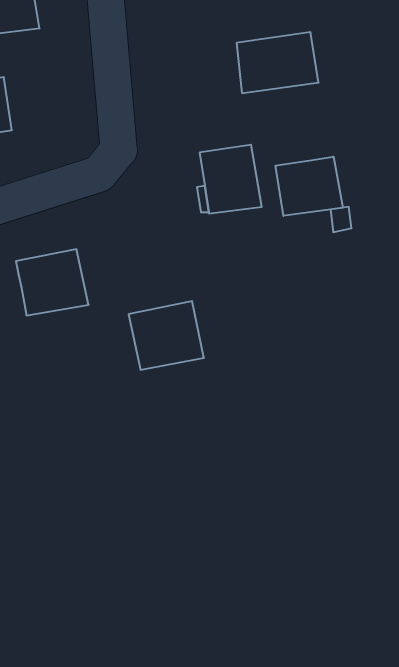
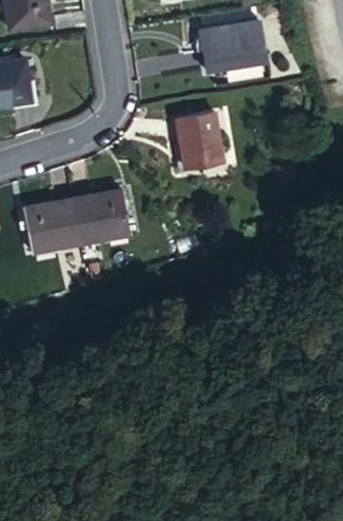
building: [276,157,343,216] -> none
building: [129,301,204,370] -> [80,185,138,238]

